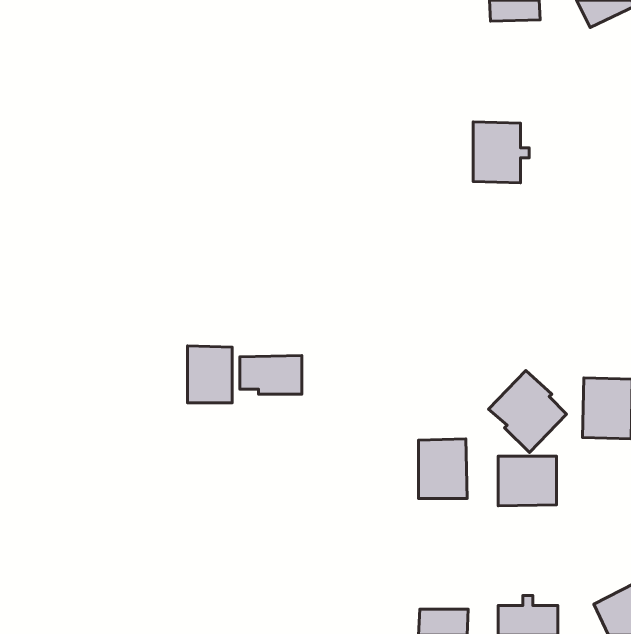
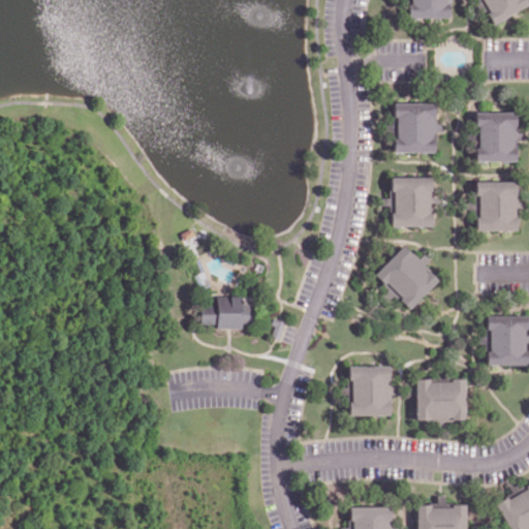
building: none -> [478,113,518,162]
building: none -> [394,177,442,227]
building: none -> [478,181,520,231]
building: [188,346,232,403] -> none
building: [488,371,567,453] -> [375,244,440,312]

